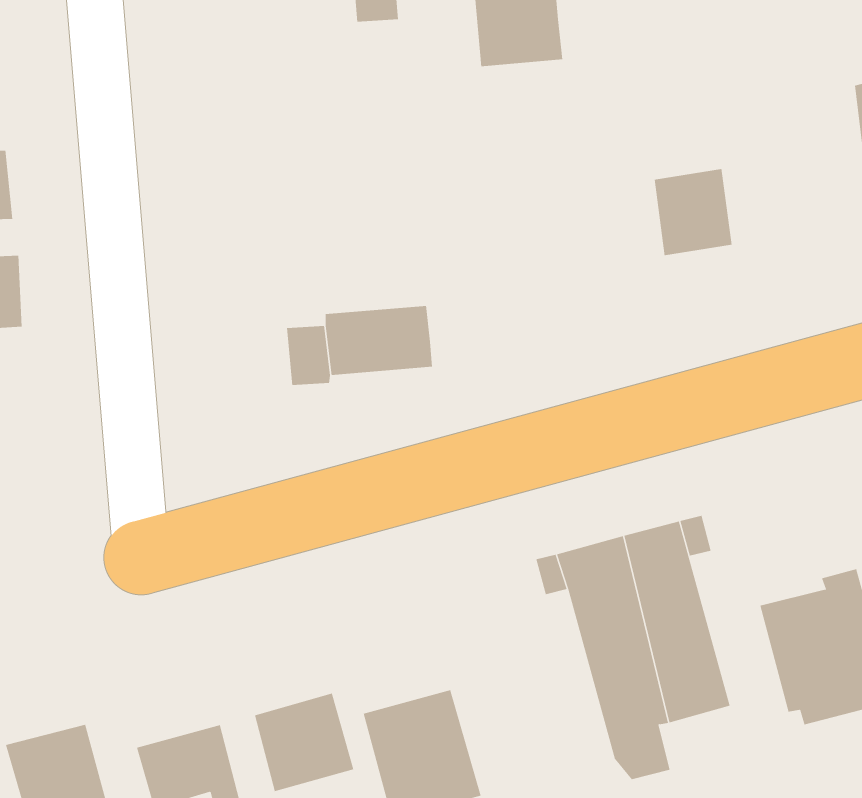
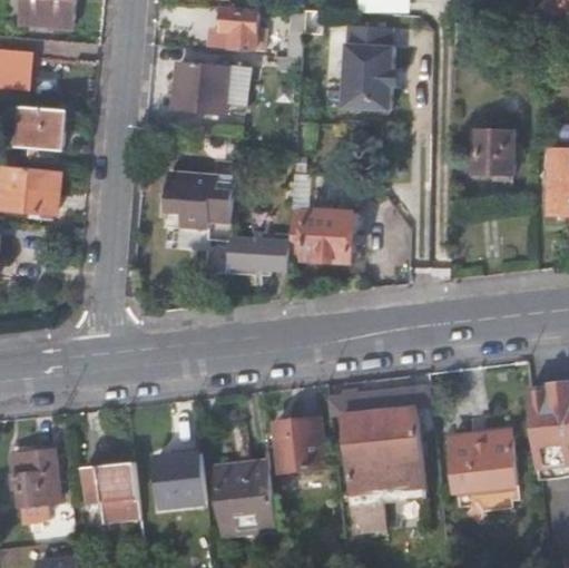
building: none -> [168,61,251,116]
building: [654,168,732,256] -> [472,129,513,174]
building: none -> [163,172,234,228]
building: none -> [287,206,355,262]
building: none -> [274,414,323,468]

